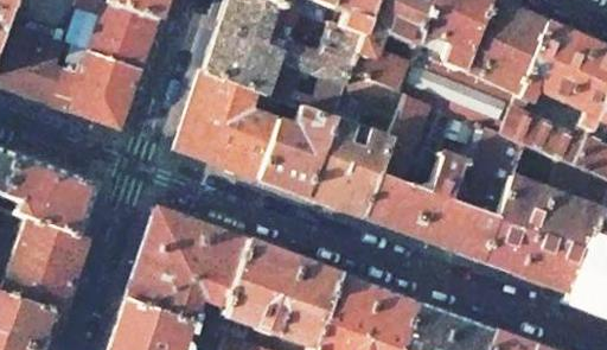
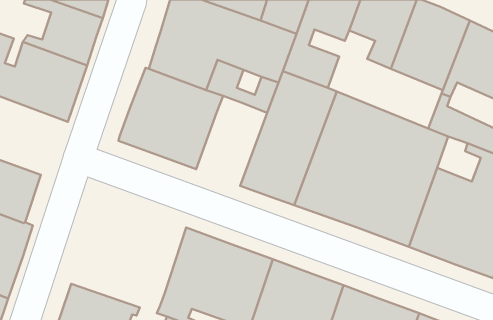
building: [396,52,517,136] -> none
building: [257,109,332,197] -> none
building: [126,208,247,331] -> none

